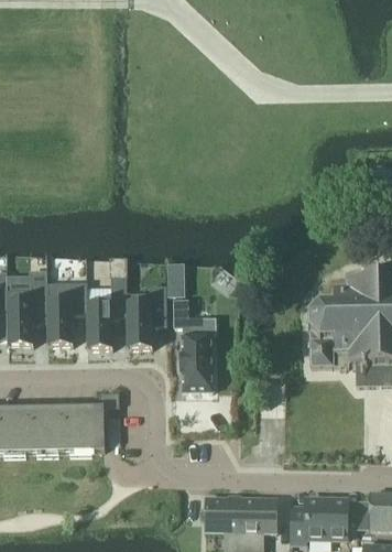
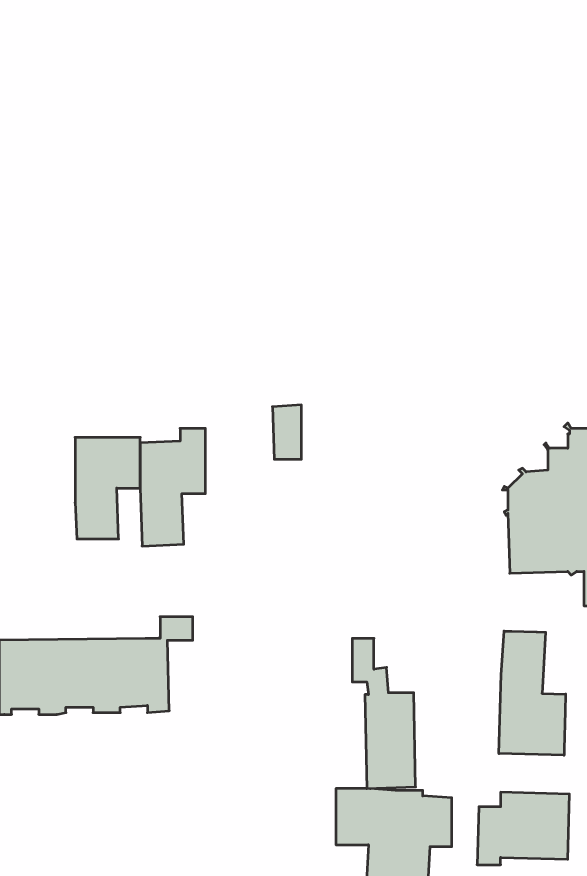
building: [6,270,46,345] -> none
building: [126,285,165,347] -> none
building: [173,300,211,391] -> [352,638,416,789]
building: none -> [499,631,566,755]

